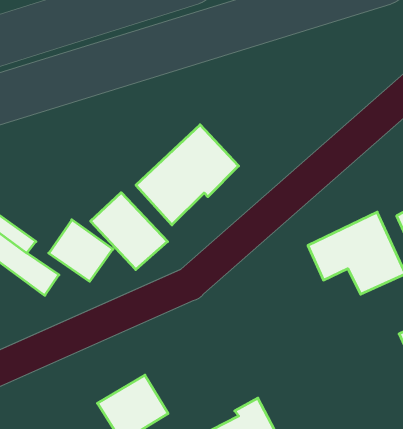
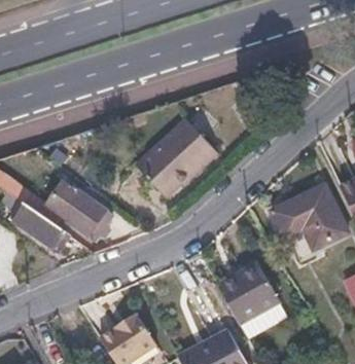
building: [91,193,168,270] -> none
building: none -> [217,263,280,324]

